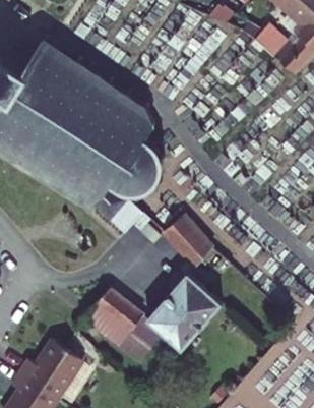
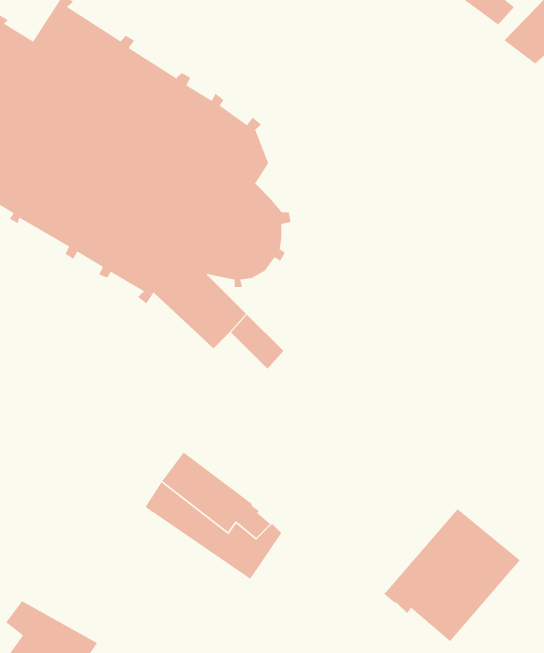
building: [166,217,213,268] -> none
building: [145,273,221,346] -> [383,508,521,642]
building: [16,335,81,391] -> none

